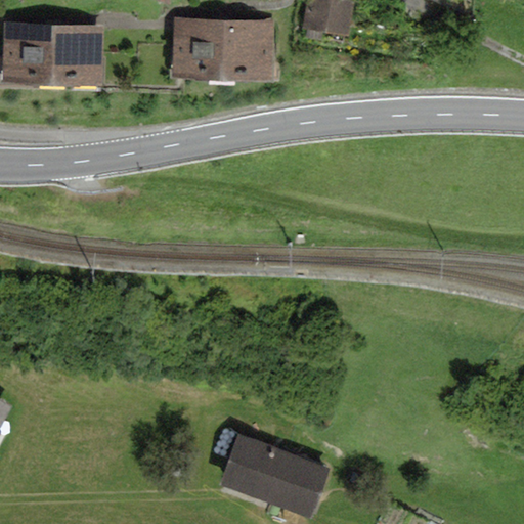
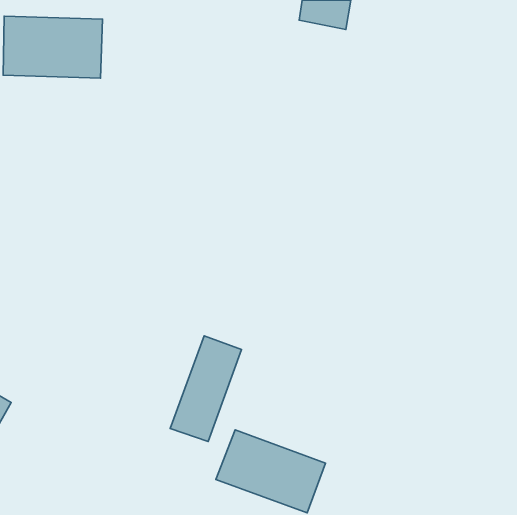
building: [172,16,275,79] -> none
building: none -> [170,336,242,441]

